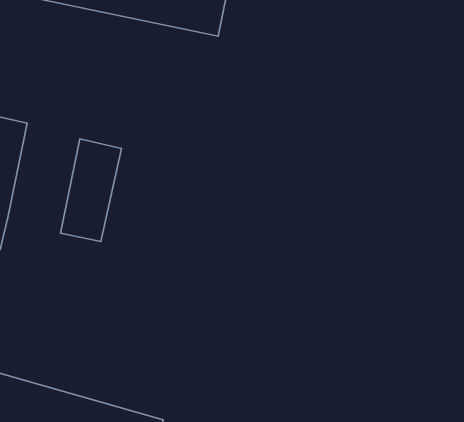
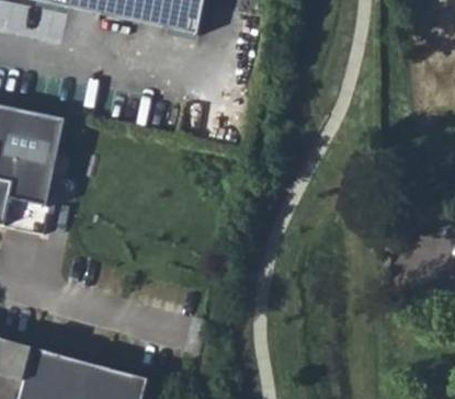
building: [60,139,122,242] -> [10,113,65,205]

